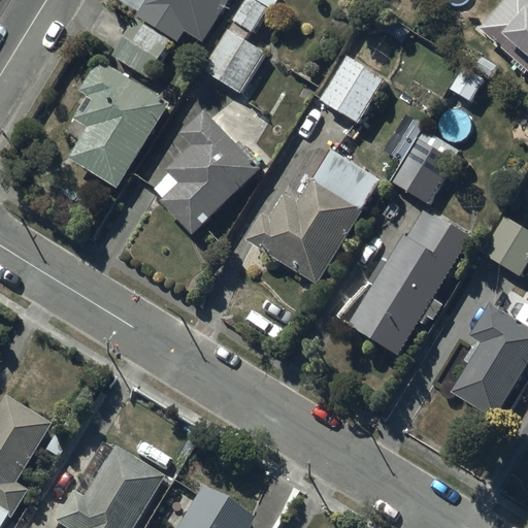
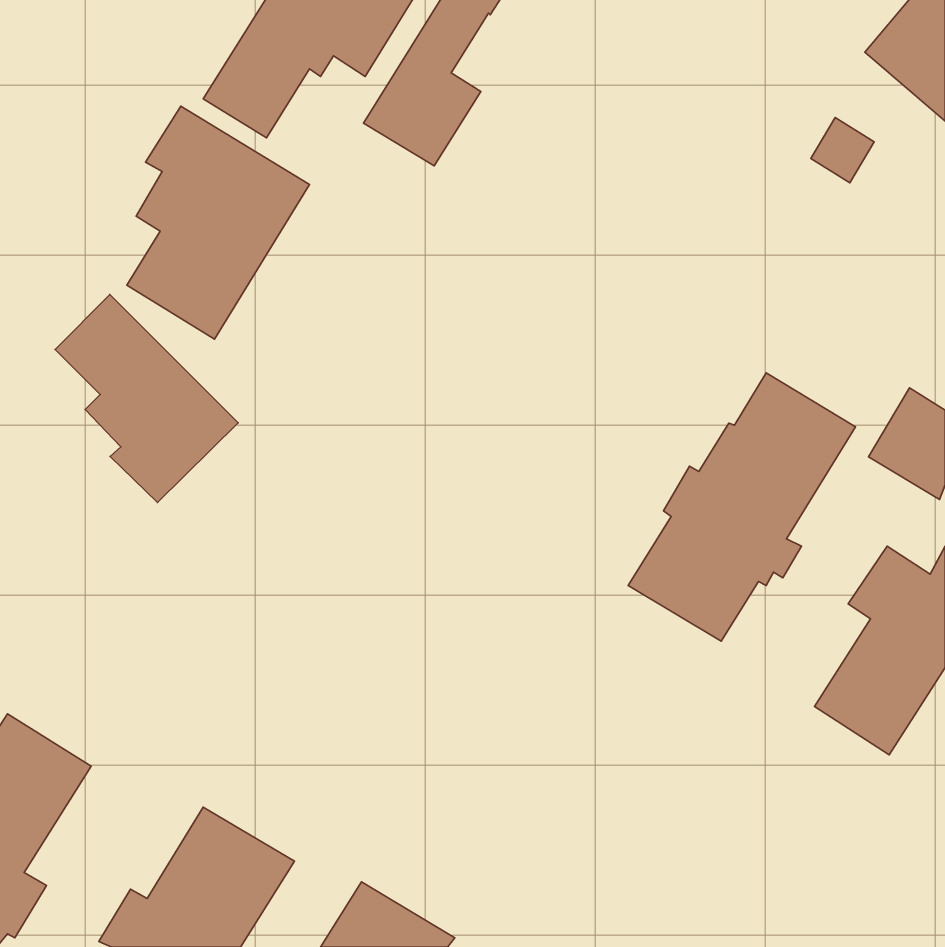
building: [314,55,387,123] -> none
building: [155,110,265,234] -> none
building: [391,128,459,202] -> none
building: [246,148,383,284] -> none
building: none -> [55,295,238,503]

